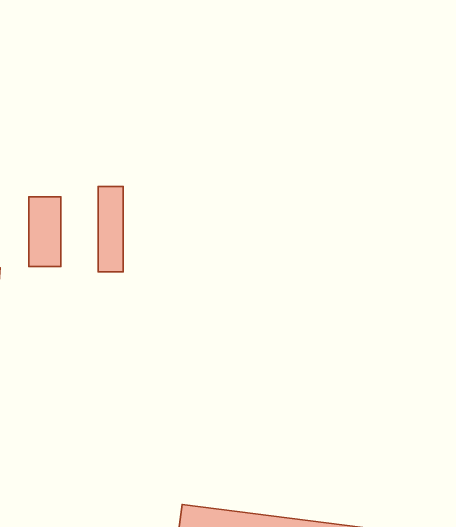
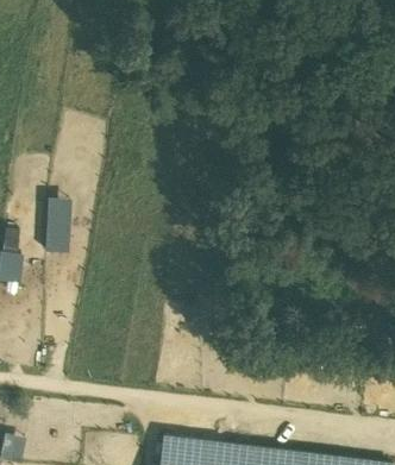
building: [98,186,123,272] -> none

